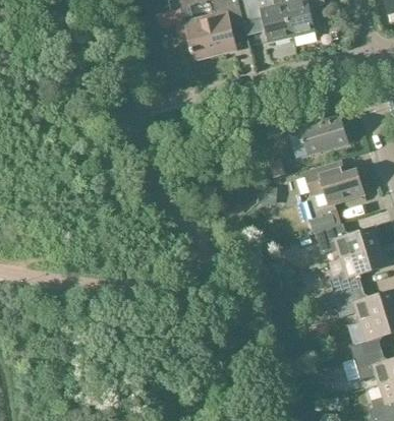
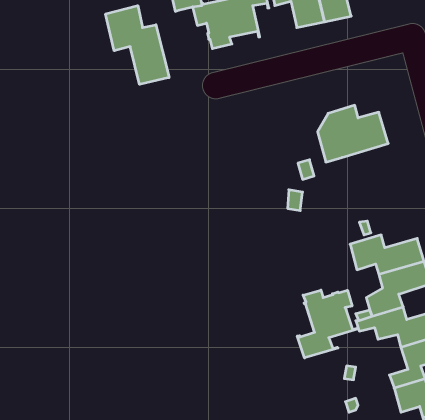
building: none -> [106,6,169,84]
building: [304,162,368,205] -> none
building: none -> [297,290,358,358]

